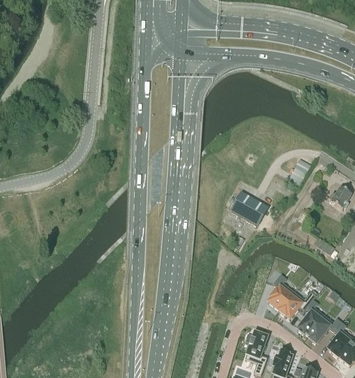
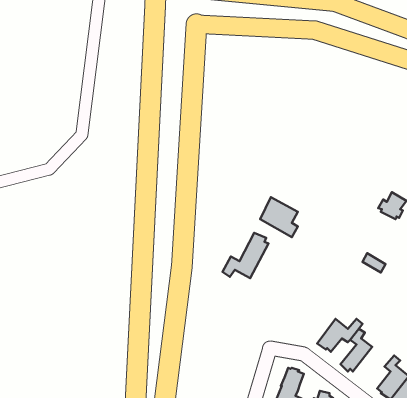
building: none -> [223,233,269,278]
building: [266,274,292,312] -> none
building: [306,315,340,344] -> none

